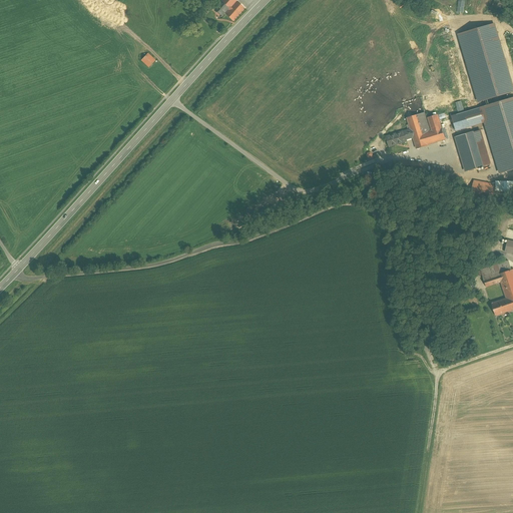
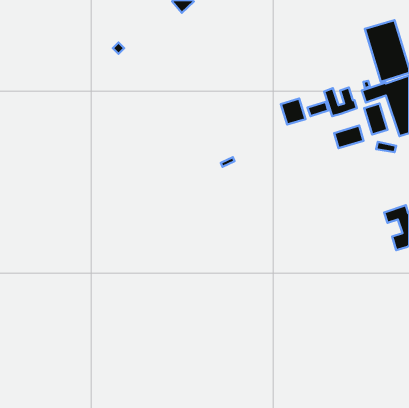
building: none -> [281,99,305,125]
building: none -> [334,126,363,148]

